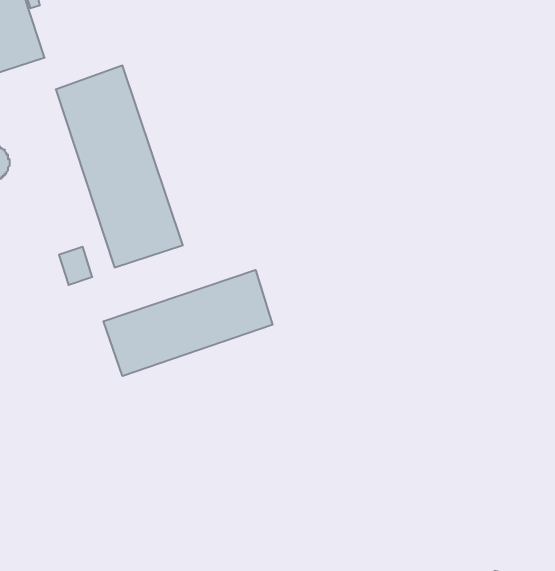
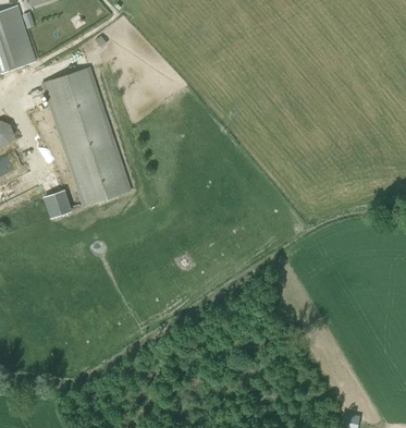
building: [104,270,273,376] -> none

